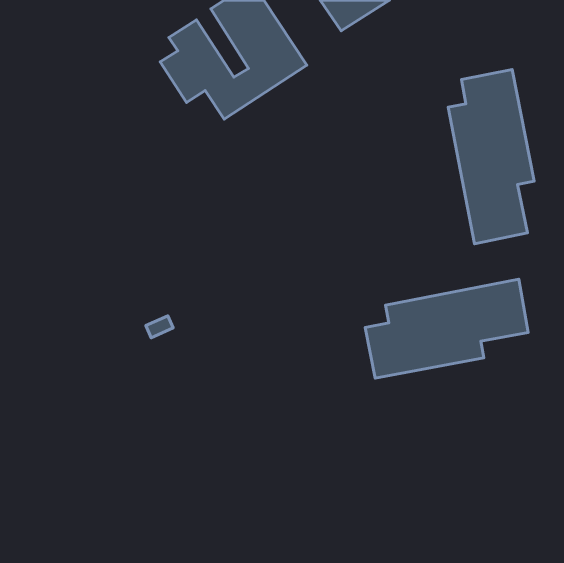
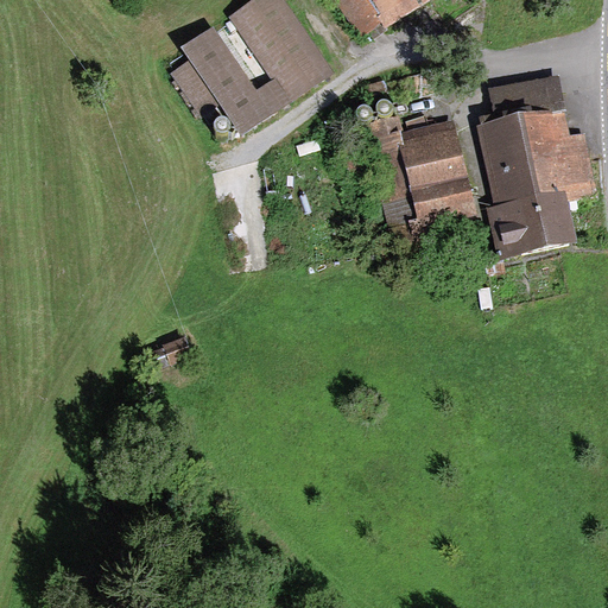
building: none -> [398,122,469,216]
building: [365,279,528,378] -> none

